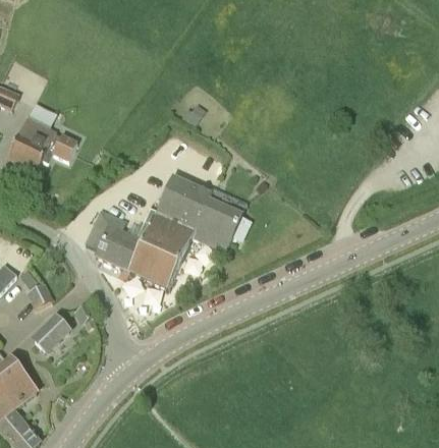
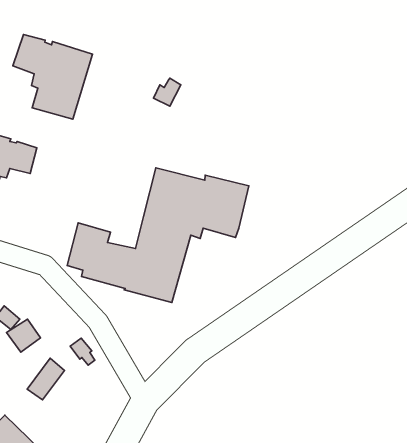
building: none -> [13,34,92,119]

